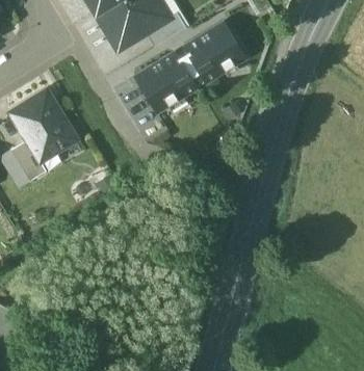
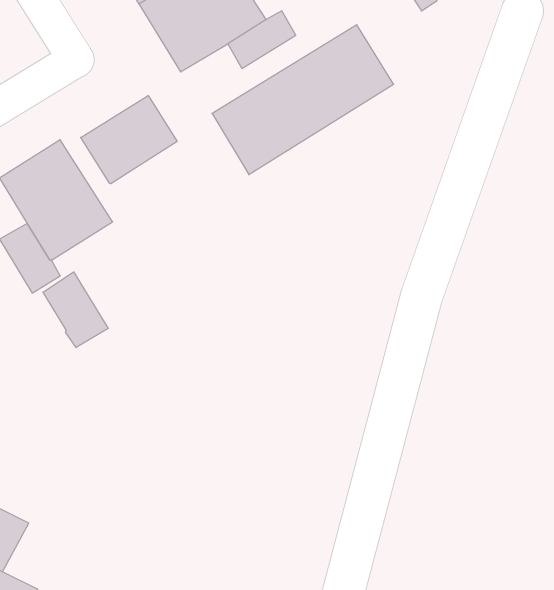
building: none -> [81,96,177,184]
building: none -> [43,272,108,348]

